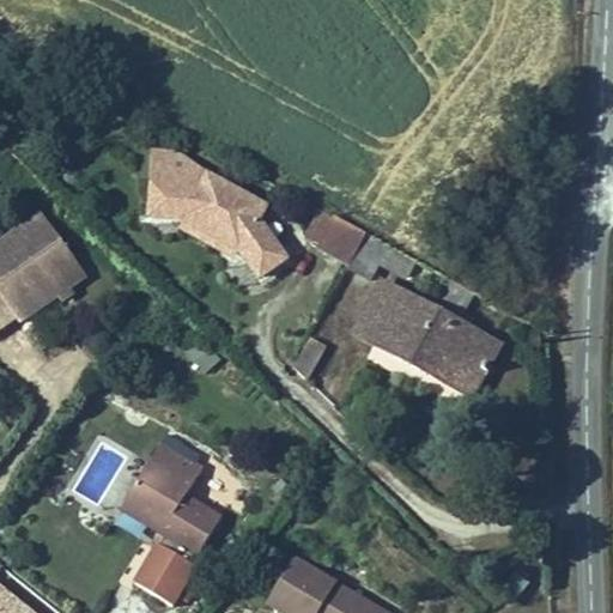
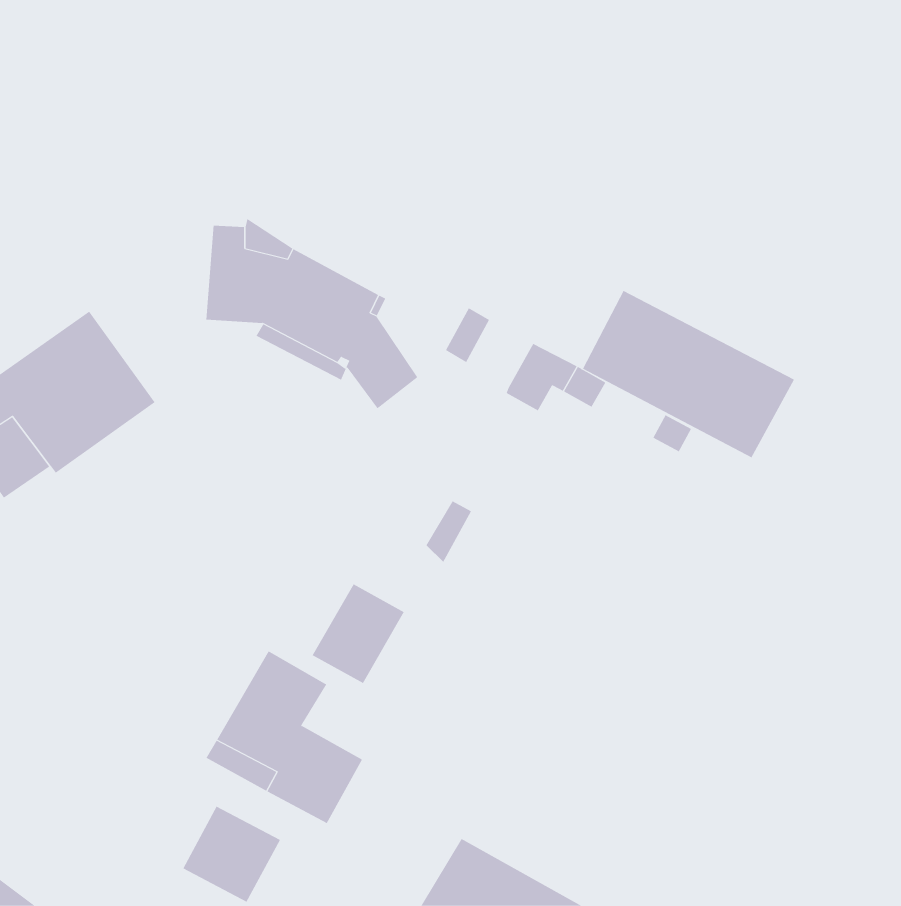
building: [311,214,357,260] -> none
building: [342,275,485,388] -> [582,290,795,458]
building: none -> [312,583,405,684]

